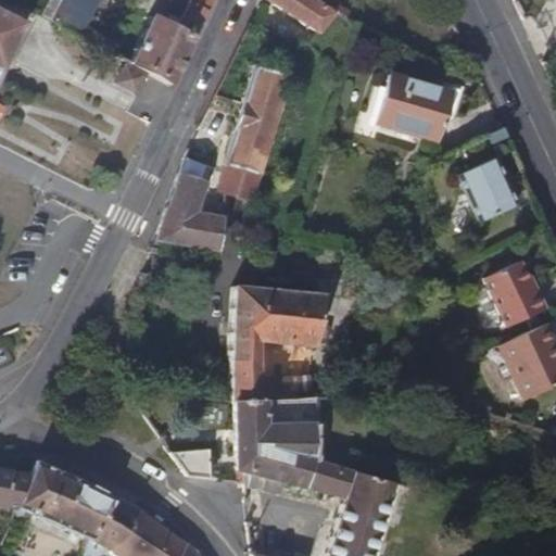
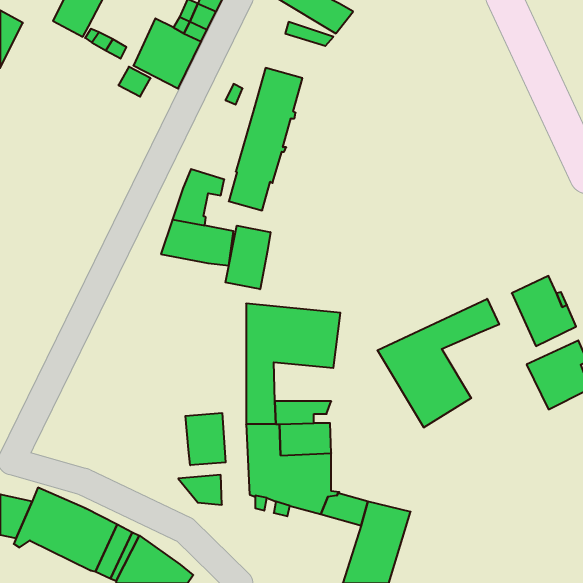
building: [365,74,465,143] -> none
building: [457,156,538,220] -> none
building: none -> [225,226,270,289]
building: none -> [377,299,499,428]
building: none -> [185,413,226,465]

